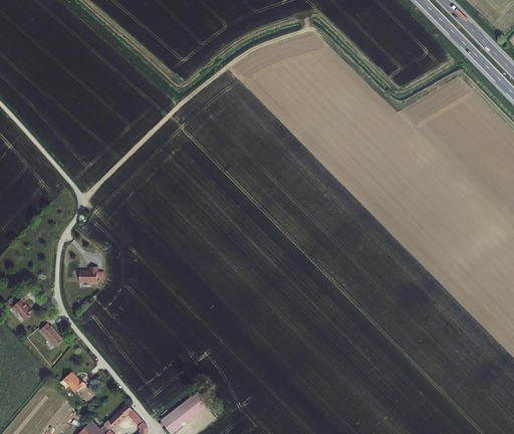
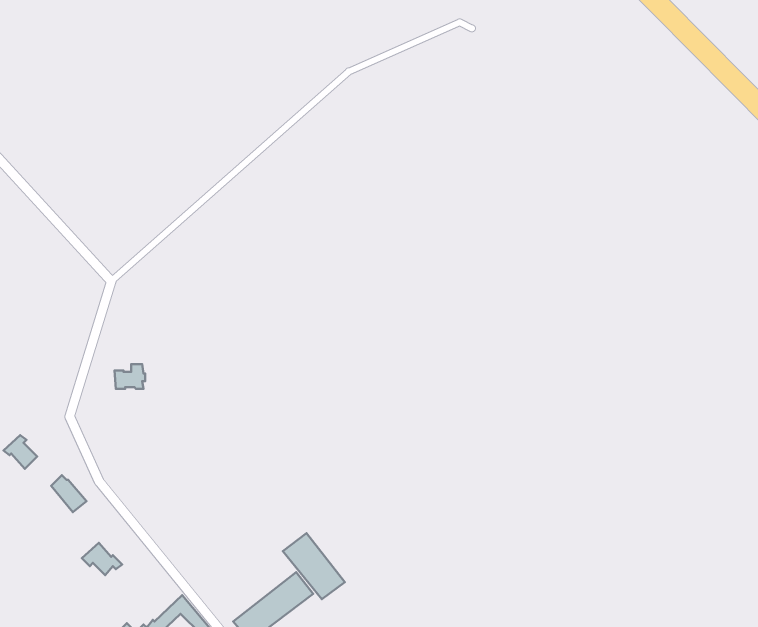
building: none -> [283,533,345,599]

